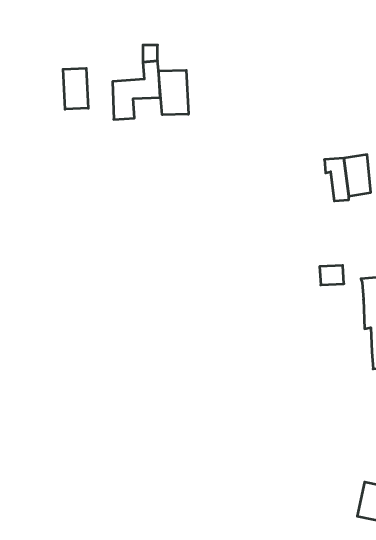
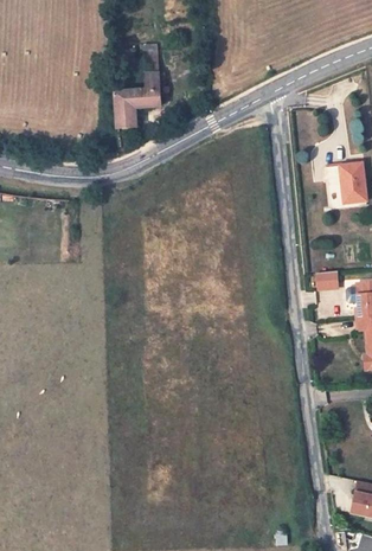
building: [63,68,88,109] -> none
building: [159,70,188,115] -> none

